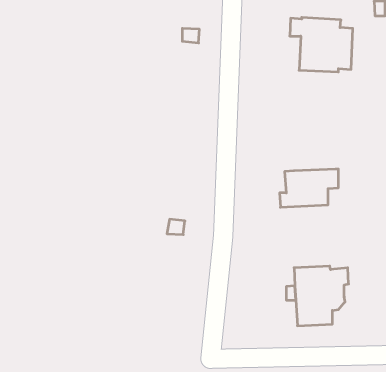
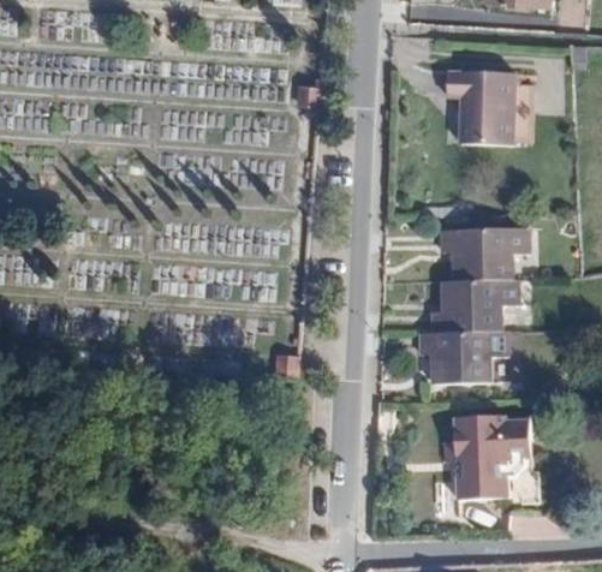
building: none -> [440,228,526,282]
building: none -> [418,330,506,385]

